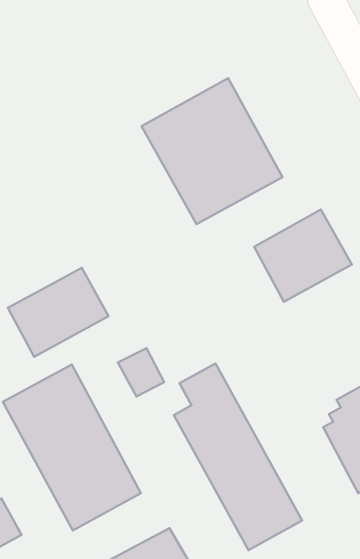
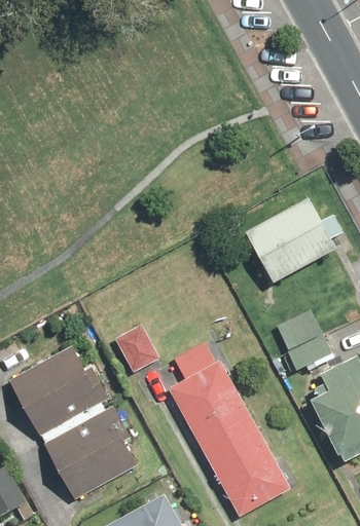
building: [142,78,282,224] -> none
building: [8,268,109,357] -> none
building: none -> [278,312,332,370]

